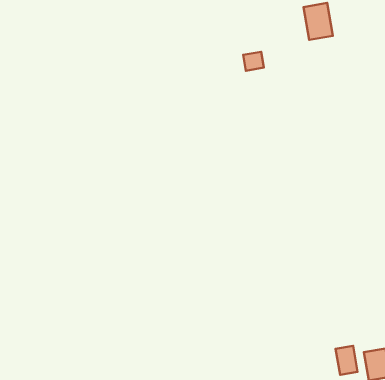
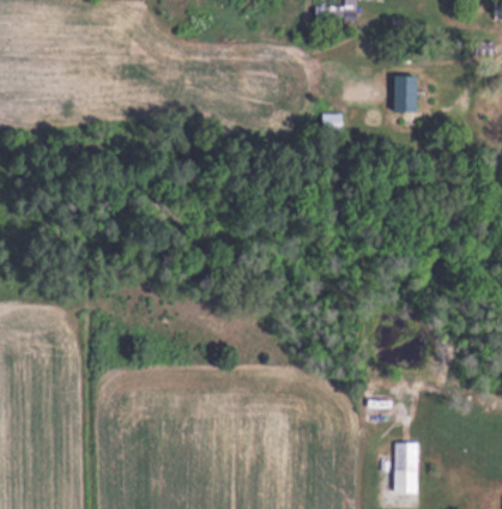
building: [336,346,358,375] -> none

